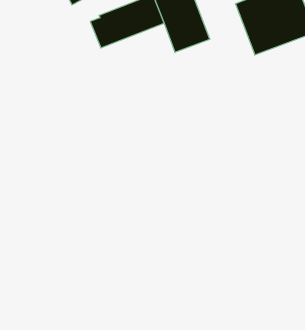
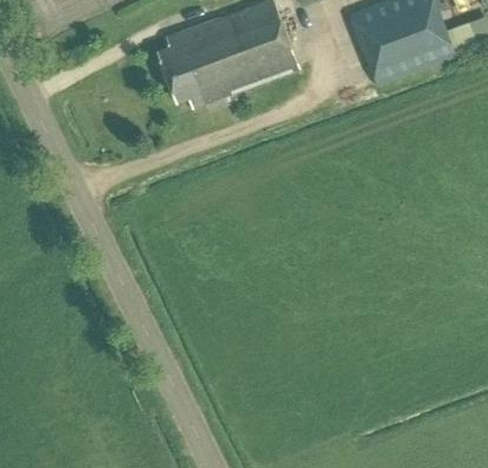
building: none -> [167,44,267,111]

